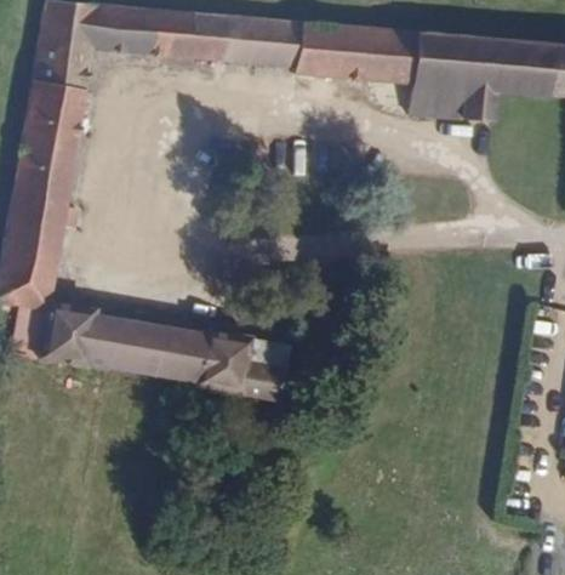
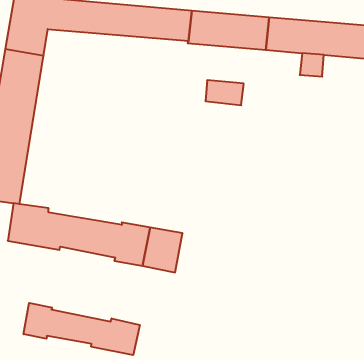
building: [410,80,466,116] -> [205,80,244,105]
building: none -> [24,303,140,355]

